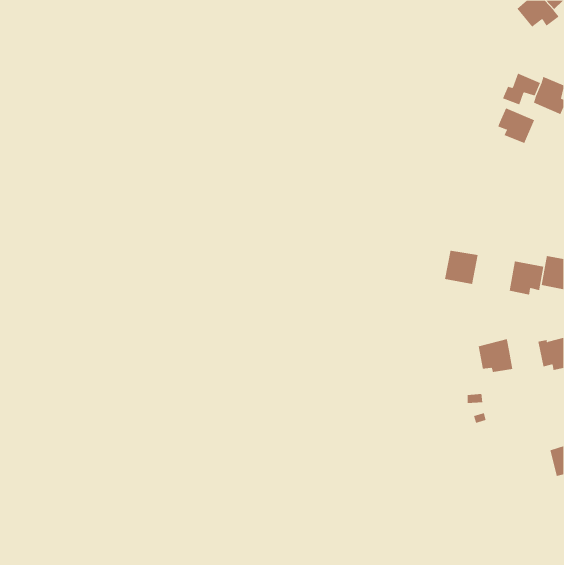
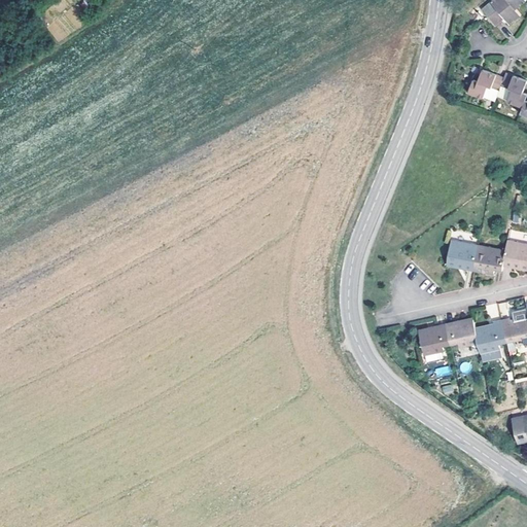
building: [497,107,535,144] -> none
building: [444,250,479,285] -> [447,239,479,271]
building: none -> [475,318,505,353]
building: none -> [418,322,449,355]

